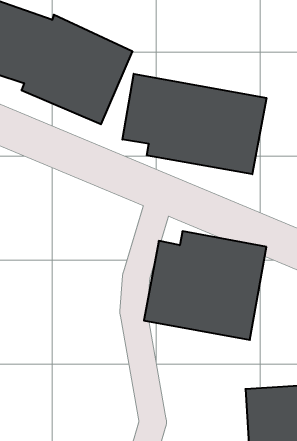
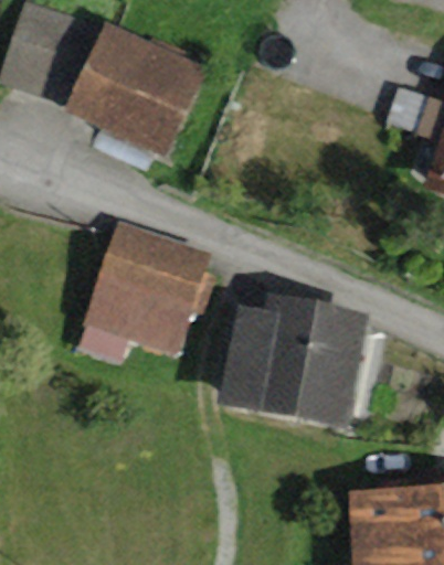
building: [122,74,266,174] -> none
building: none -> [87,222,214,355]

